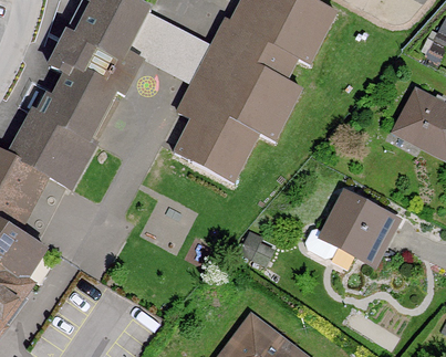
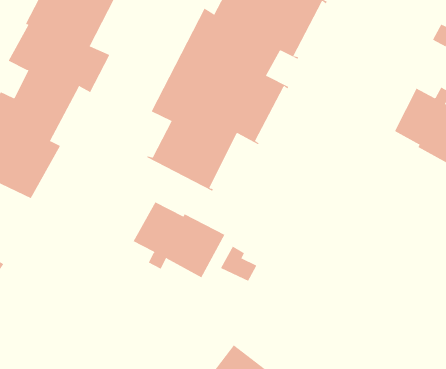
building: none -> [133,201,225,278]
building: [305,193,395,262] -> none

